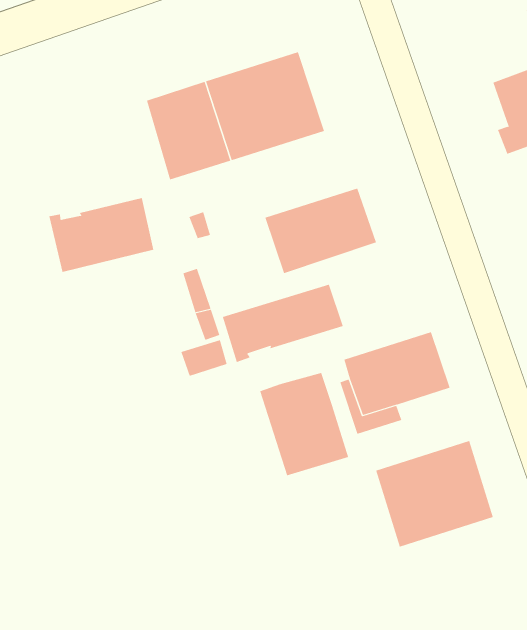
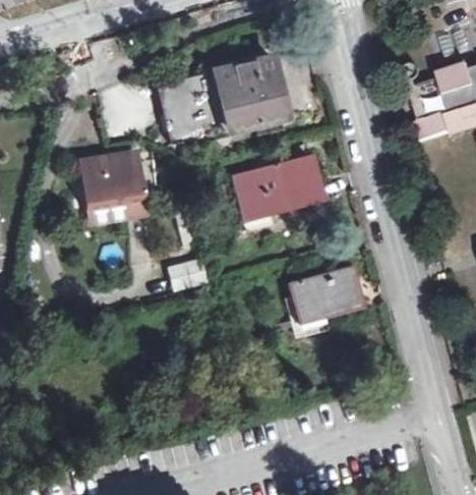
building: [222,284,343,363] -> none
building: [260,372,349,476] -> none
building: [376,440,493,547] -> none

